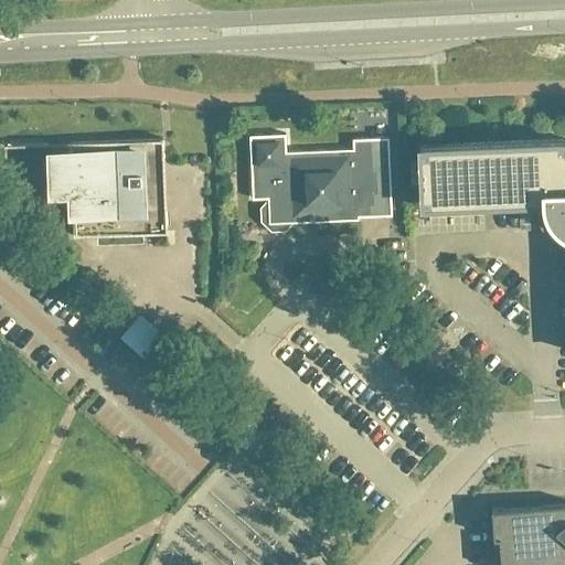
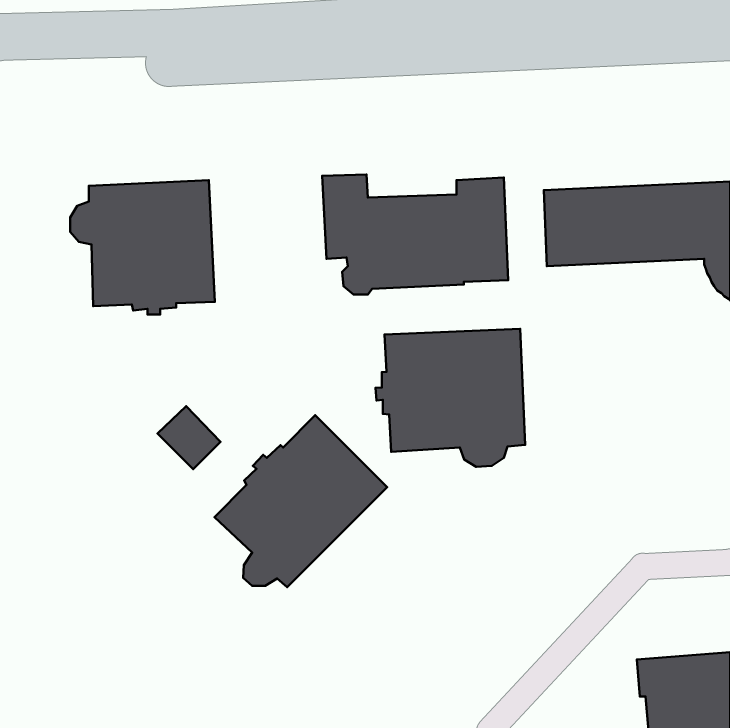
building: none -> [375,329,525,467]
building: none -> [215,415,387,587]

